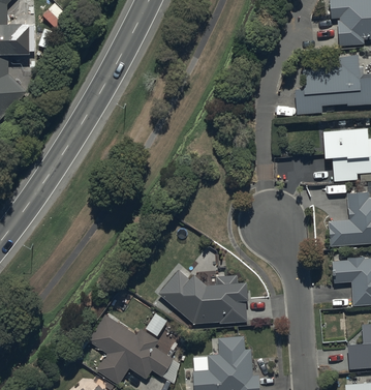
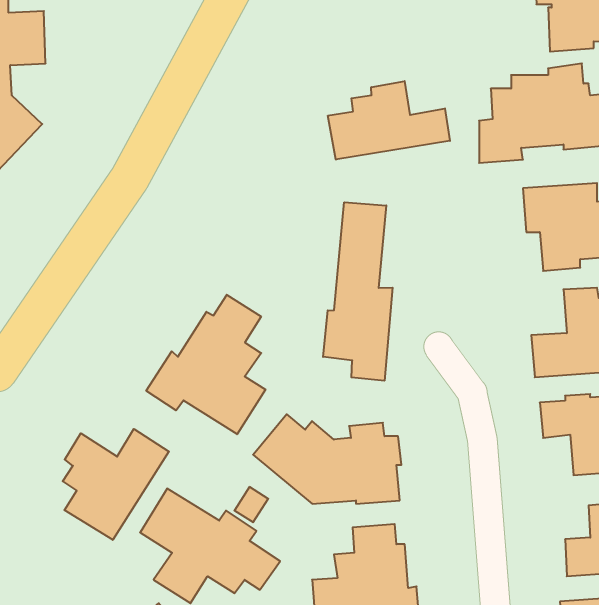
building: none -> [328,81,450,160]
building: none -> [323,202,393,381]
building: none -> [146,295,265,434]
building: none -> [63,429,169,540]

